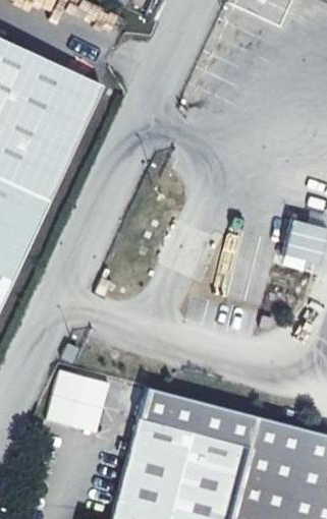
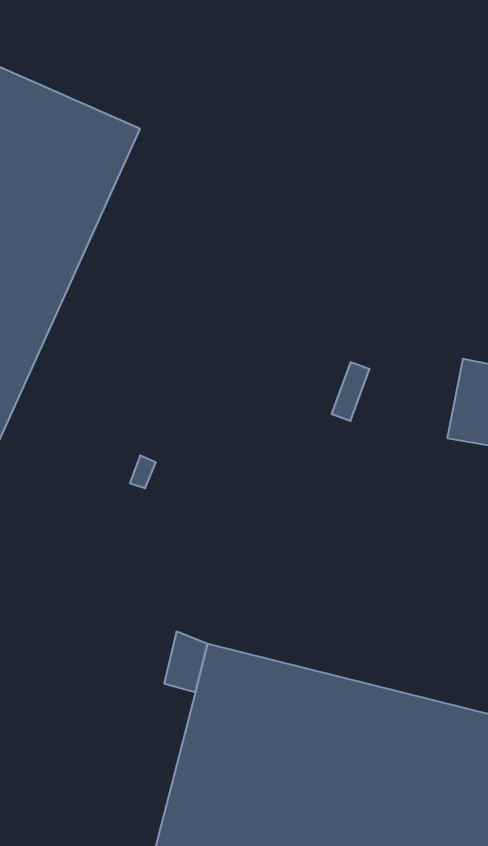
building: [44,372,109,438] -> none

